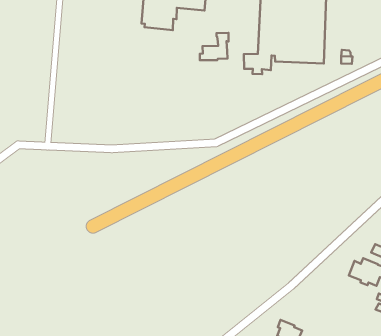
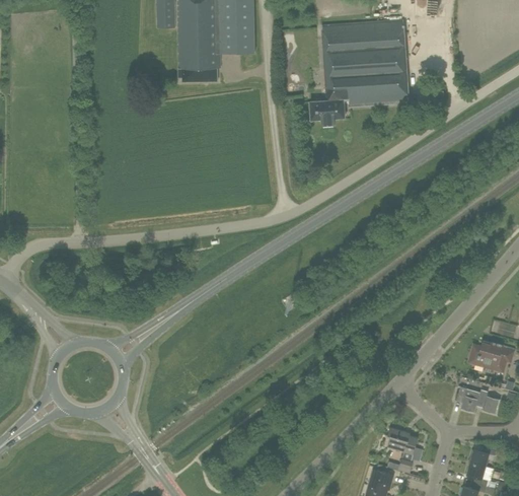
building: [200,33,228,60] -> none
building: none -> [456,385,501,413]

